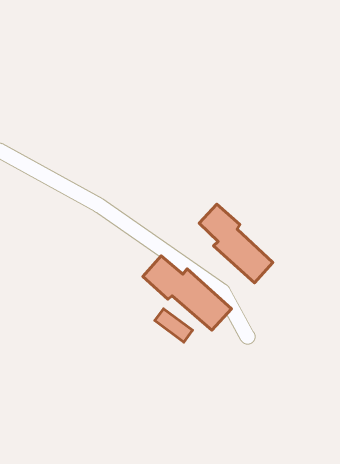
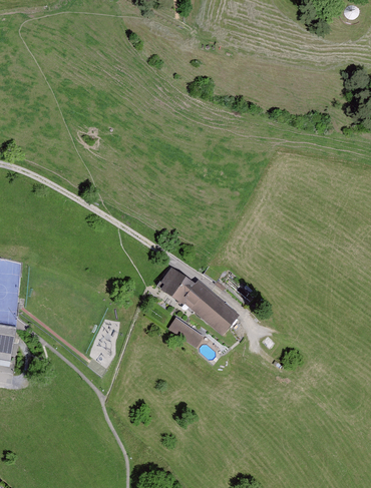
building: [199,204,273,283] -> none

